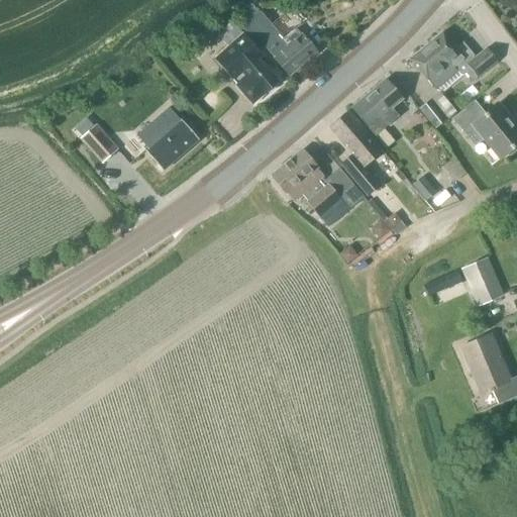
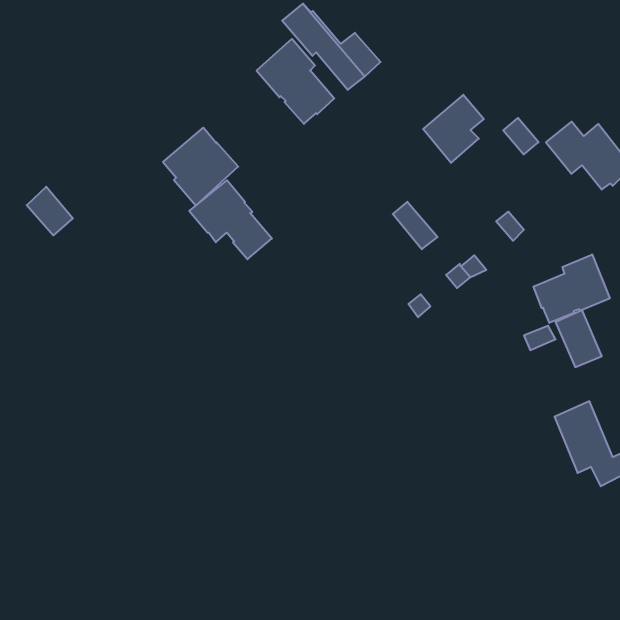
building: [411,32,498,89] -> none
building: [329,110,384,194] -> none
building: [81,122,119,163] -> [27,187,73,235]
building: [272,149,340,215] -> [189,180,272,259]
building: none -> [534,254,610,323]

